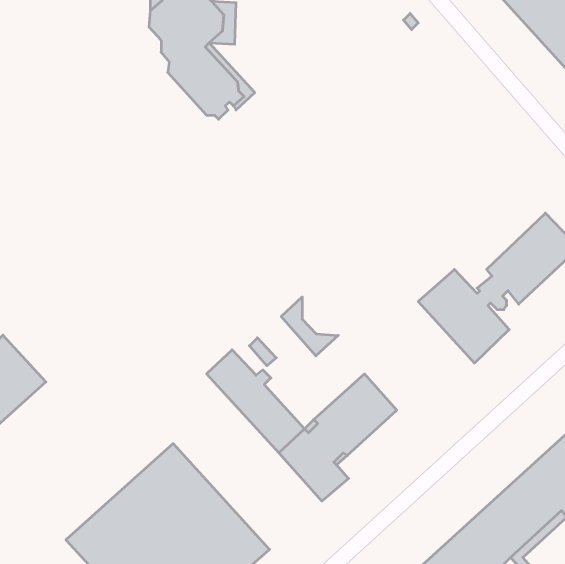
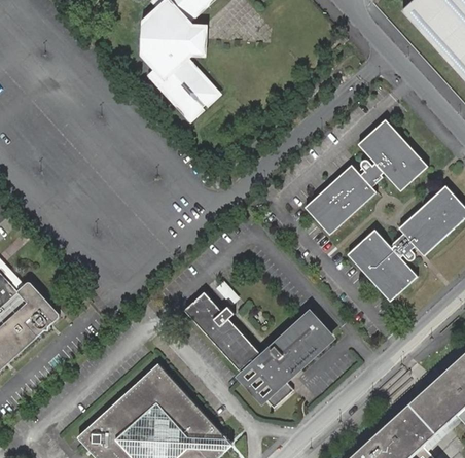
building: none -> [141,43,205,122]
building: none -> [306,120,428,236]
building: [281,297,338,356] -> none

